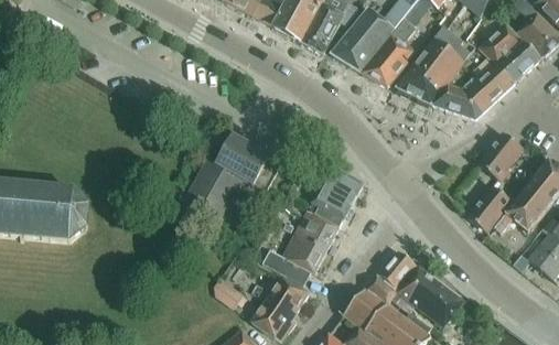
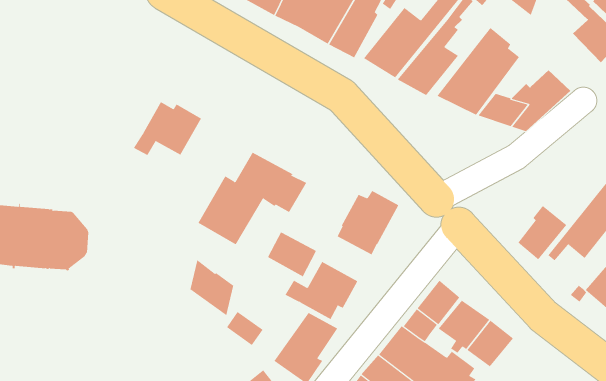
building: [479,22,541,82] -> none
building: none -> [133,101,202,156]
building: [479,132,523,181] -> none
building: [294,209,338,250] -> [267,231,317,277]
building: none -> [190,259,234,316]

